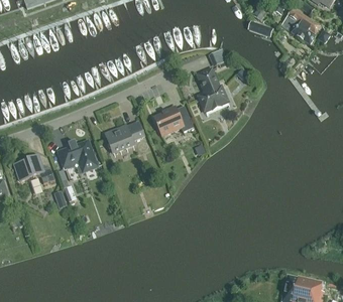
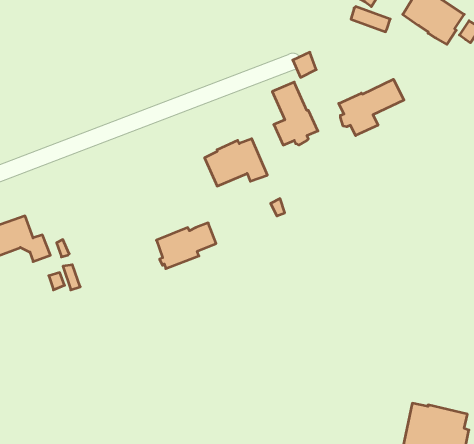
building: none -> [339,79,404,136]
building: [105,122,143,151] -> [156,223,216,269]
building: [59,141,96,170] -> none

